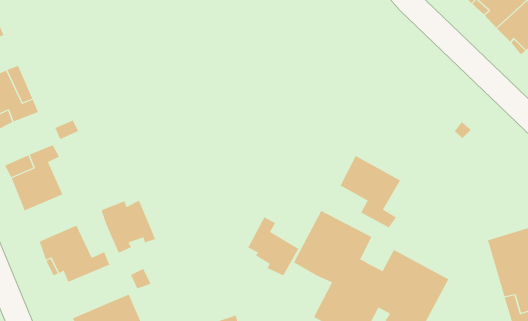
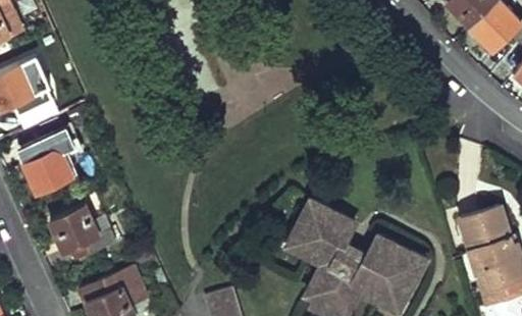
building: [340,155,401,228] -> none
building: [101,200,156,253] -> none
building: [247,216,299,276] -> none

